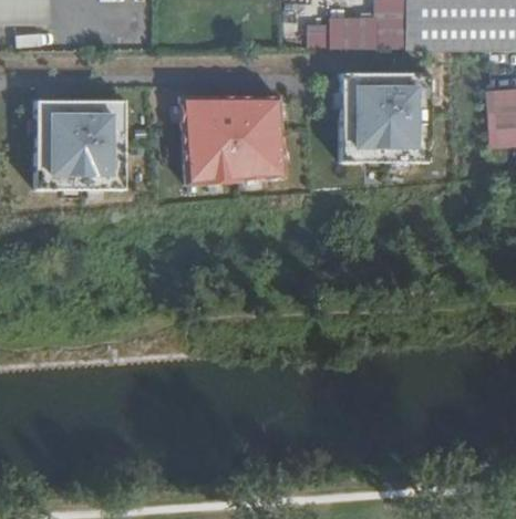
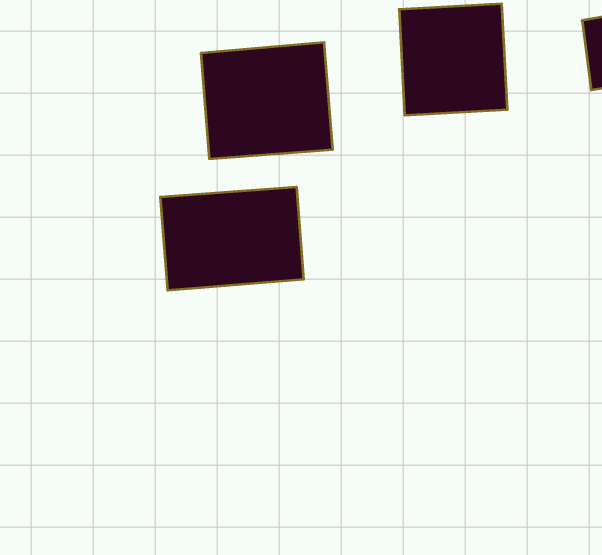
building: [33,98,126,193] -> none
building: none -> [160,187,304,290]

